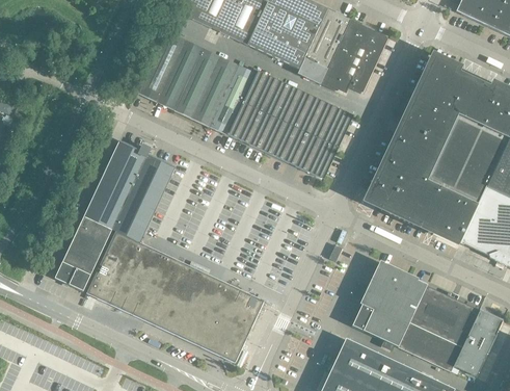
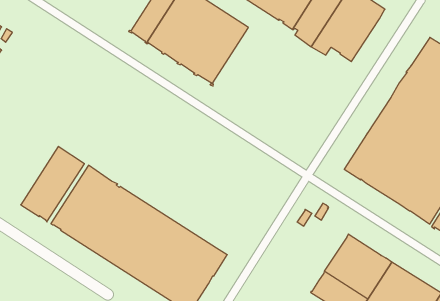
building: [227,70,351,178] -> none
building: [83,140,175,242] -> none

